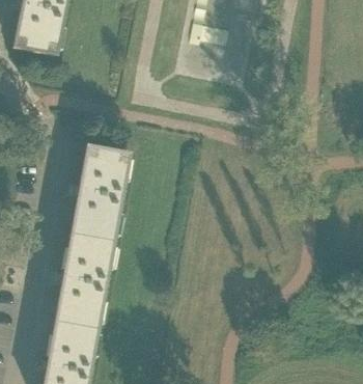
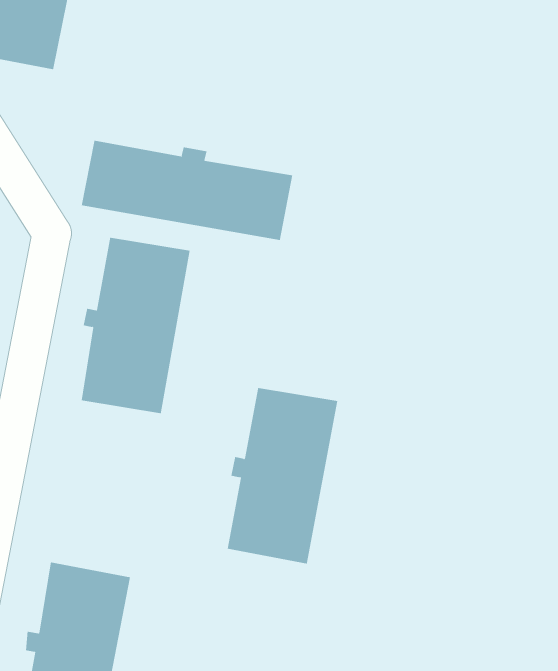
building: none -> [81,140,293,241]
building: [55,234,115,329] -> [227,387,338,564]

